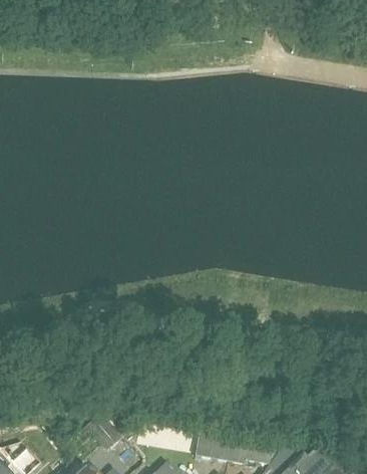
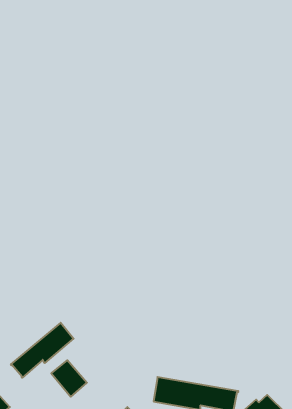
building: none -> [11,323,74,378]

